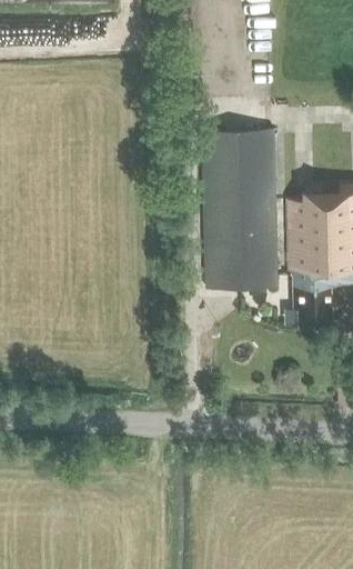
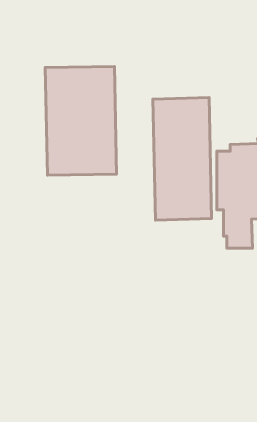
building: none -> [45,67,117,175]

